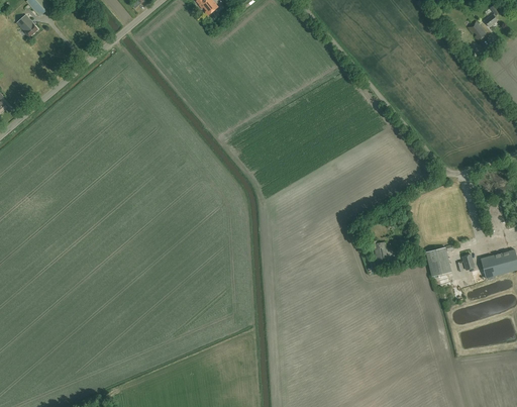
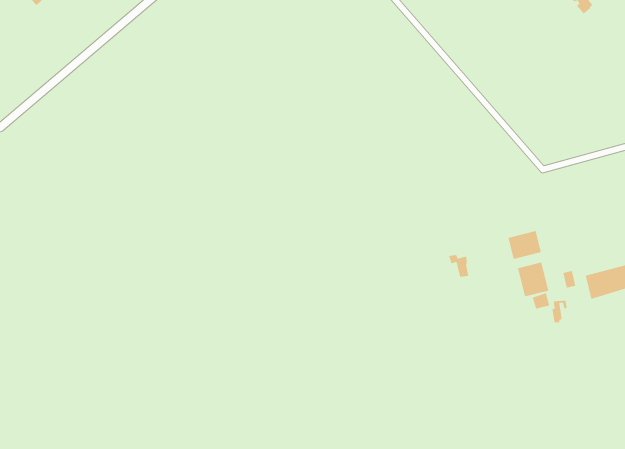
building: none -> [507,230,542,260]

